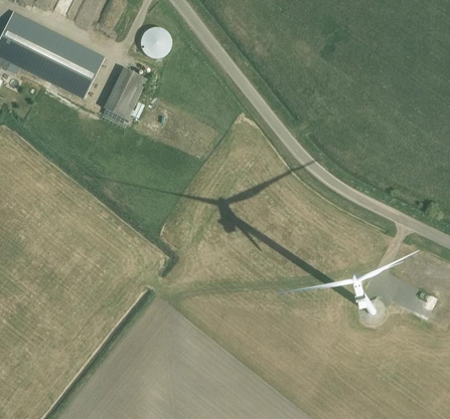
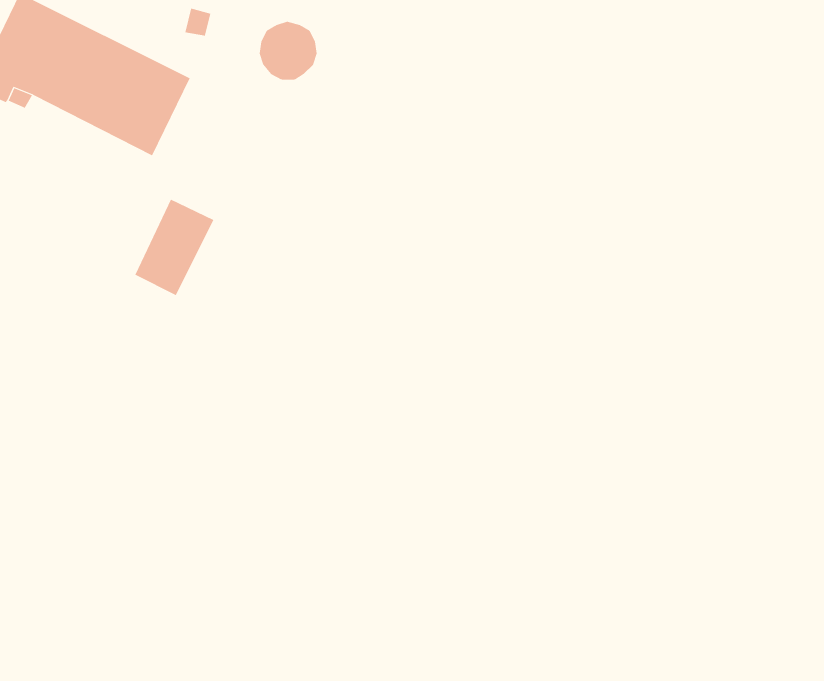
building: [105,67,147,119] -> [134,199,214,296]

